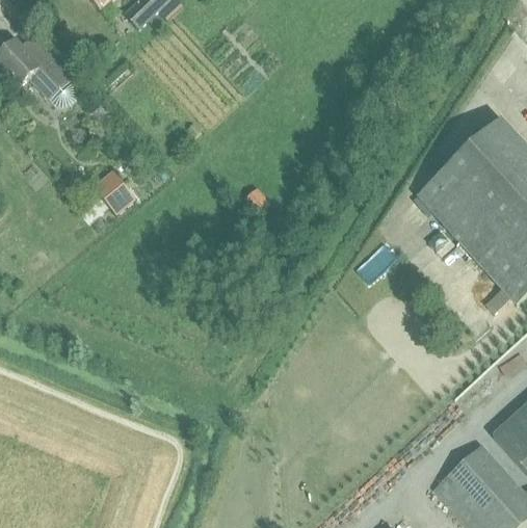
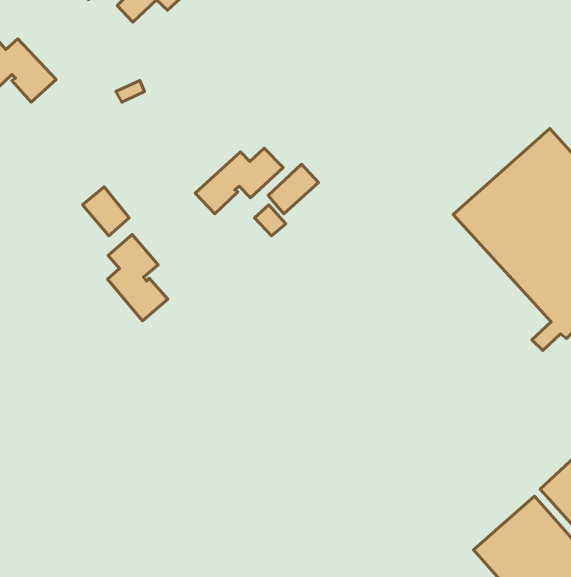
building: none -> [195,148,283,214]
building: none -> [268,164,318,214]
building: none -> [108,235,168,321]

